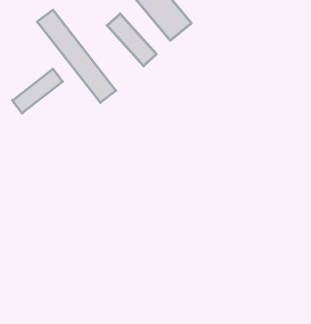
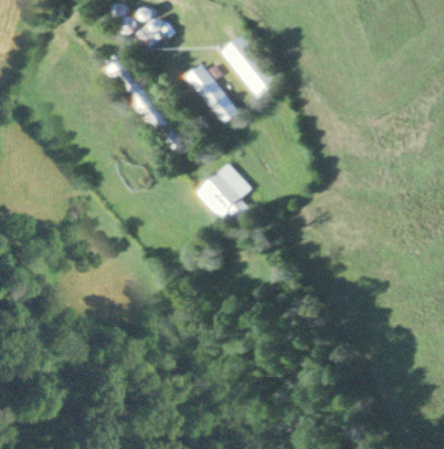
building: [12,69,63,113] -> none
building: none -> [195,163,256,224]

